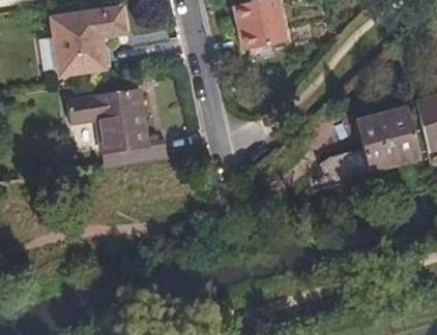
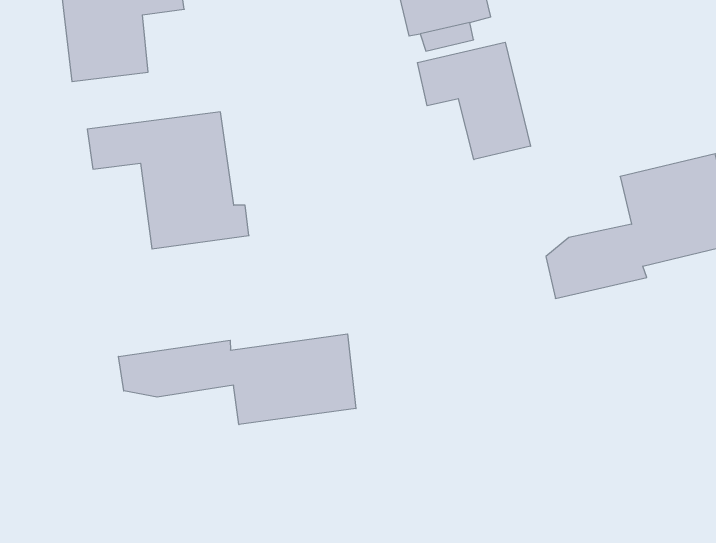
building: none -> [417,42,531,160]
building: none -> [118,334,356,425]

